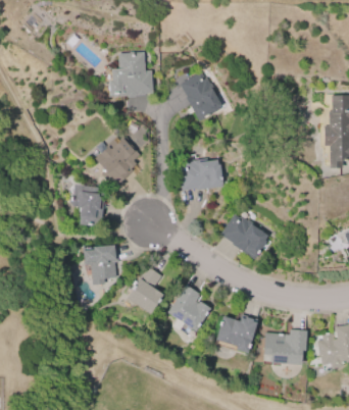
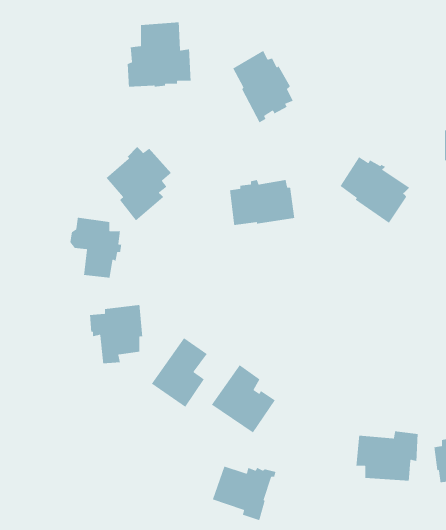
building: [220,213,268,259] -> [339,156,410,224]
building: [215,314,259,352] -> [212,465,276,521]

